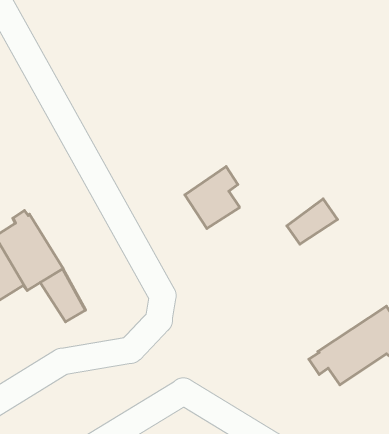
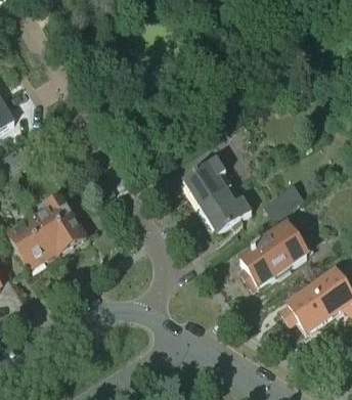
building: none -> [200,186,250,233]
building: none -> [238,222,306,288]
building: [40,269,85,322] -> none

